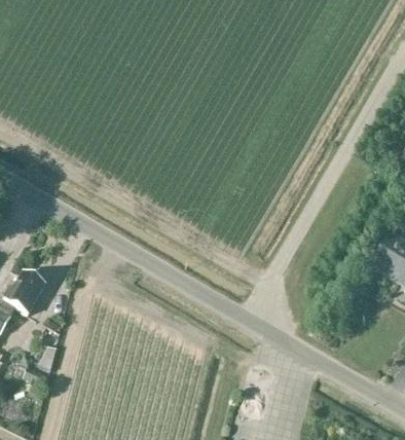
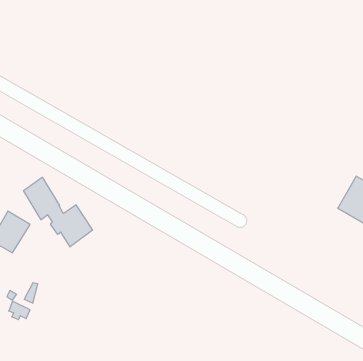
building: none -> [24,177,93,247]

